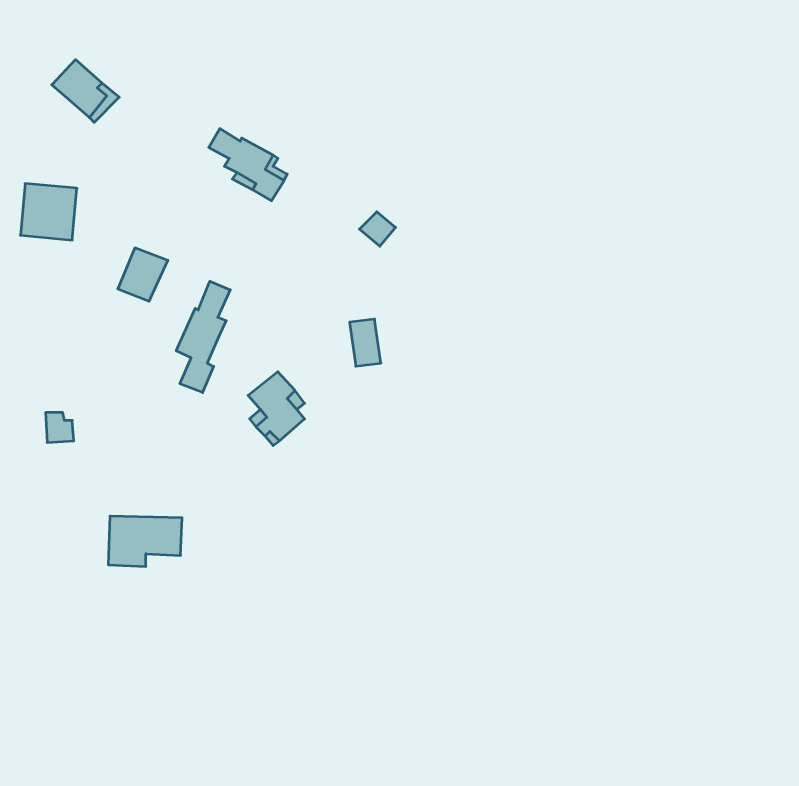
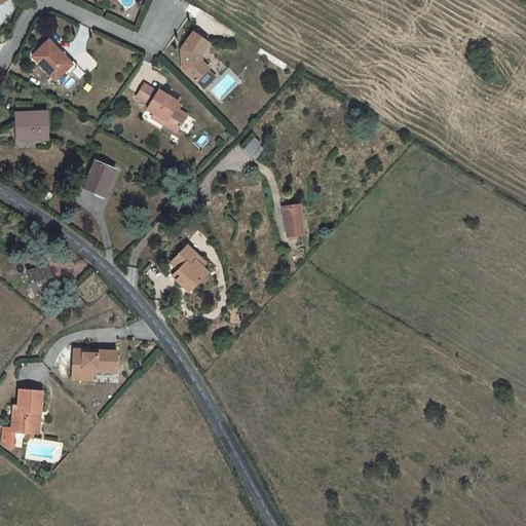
building: none -> [183,28,211,80]
building: [176,281,230,393] -> none
building: [350,319,381,366] -> [279,209,300,239]
building: none -> [7,398,37,441]

